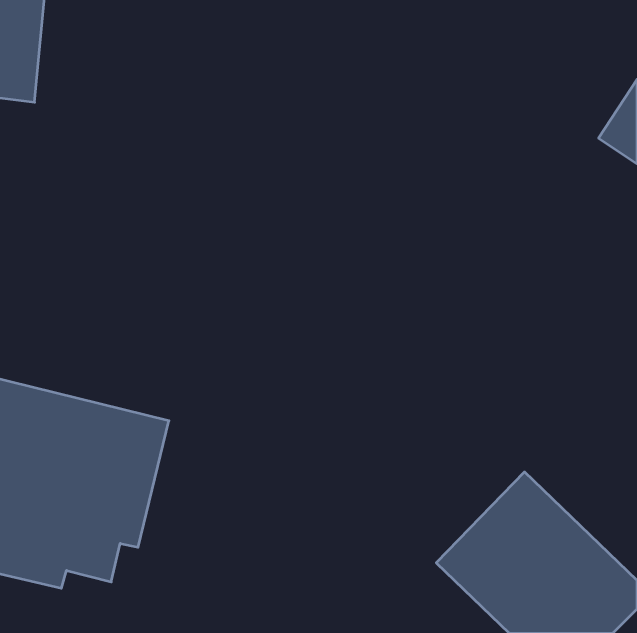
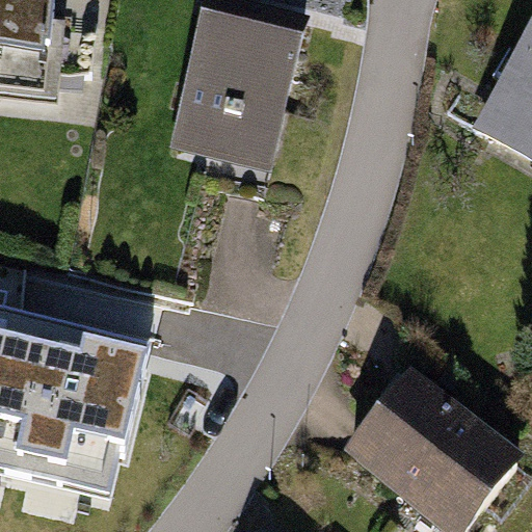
building: none -> [170,16,304,185]

